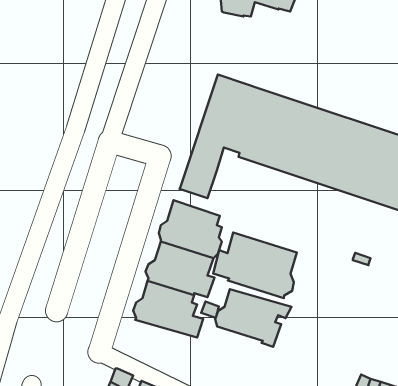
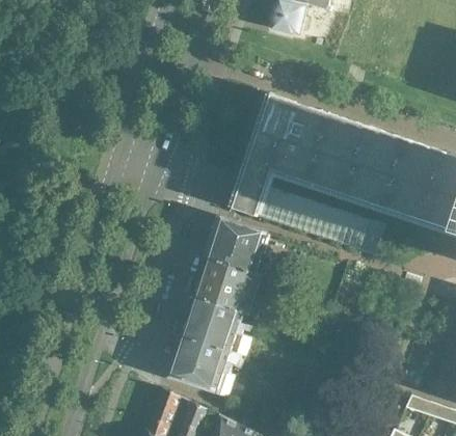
building: [213,232,297,298] -> none
building: [215,289,292,347] -> [168,339,245,398]

